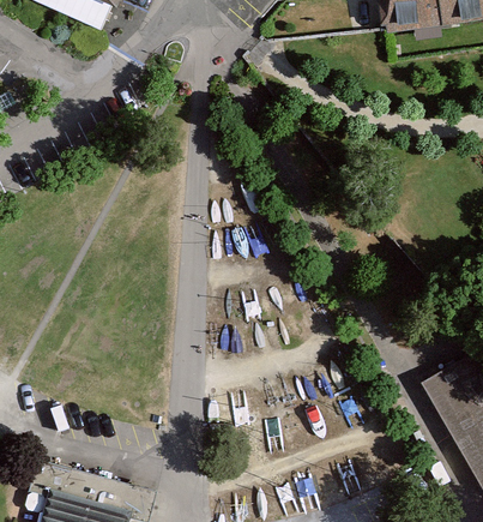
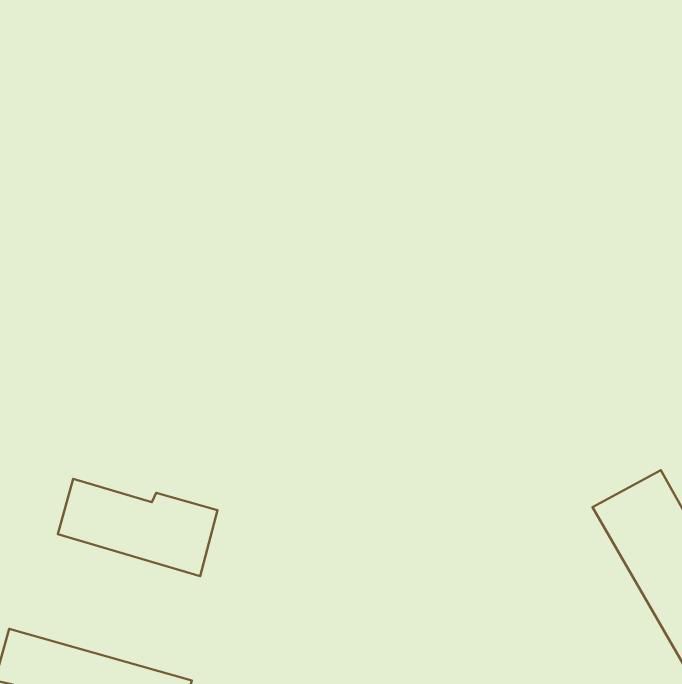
building: none -> [58,479,218,576]

